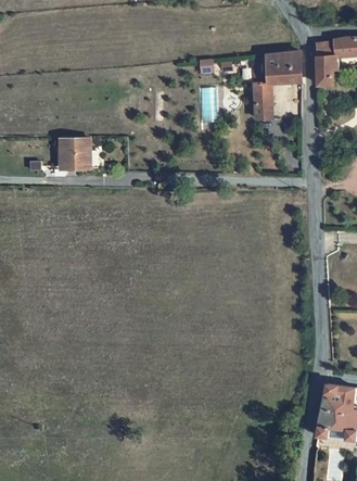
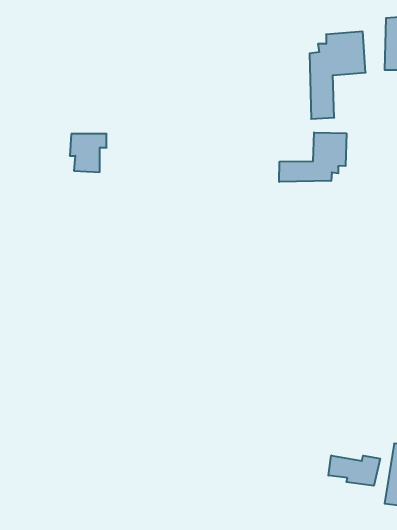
building: none -> [279,132,346,182]
building: none -> [328,455,380,486]

